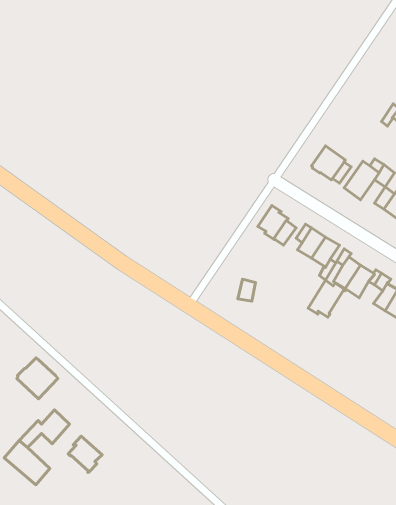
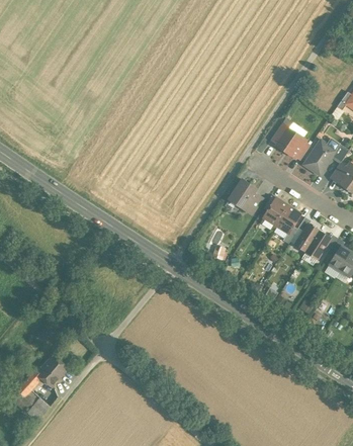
building: [308,280,345,317] -> none
building: [17,358,58,399] -> none
building: [68,436,102,473] -> none

